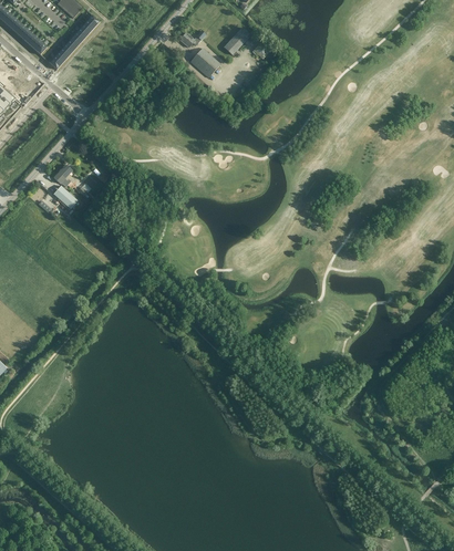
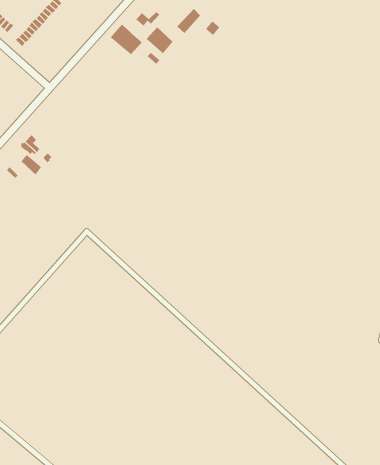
building: none -> [110,24,143,55]

